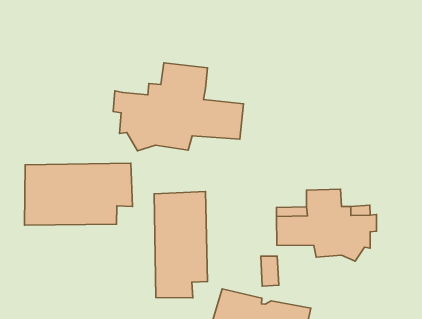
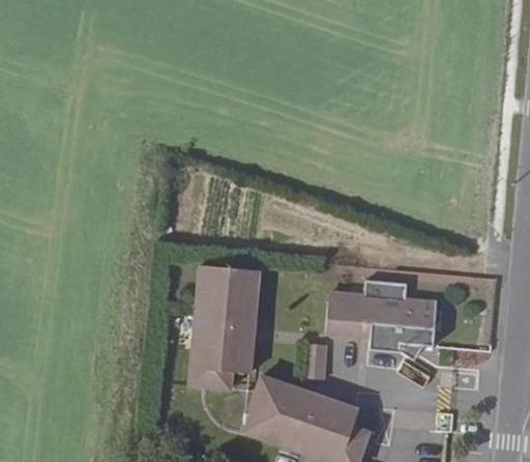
building: [113,63,243,151] -> none
building: [25,163,133,225] -> none

